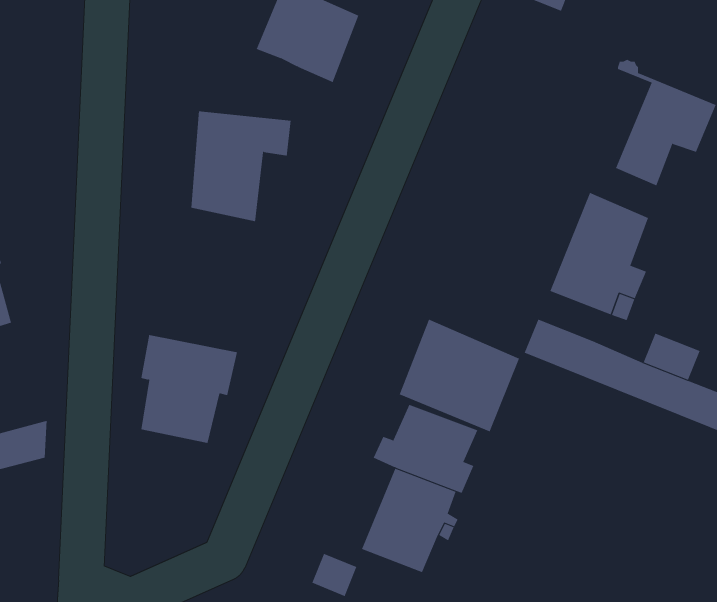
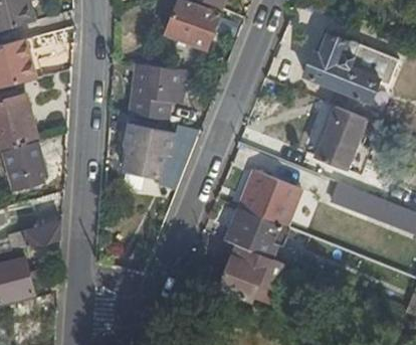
building: none -> [302,34,366,94]
building: [141,334,238,444] -> [125,125,174,180]

